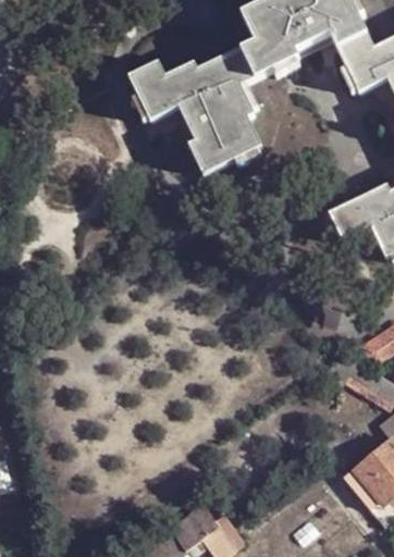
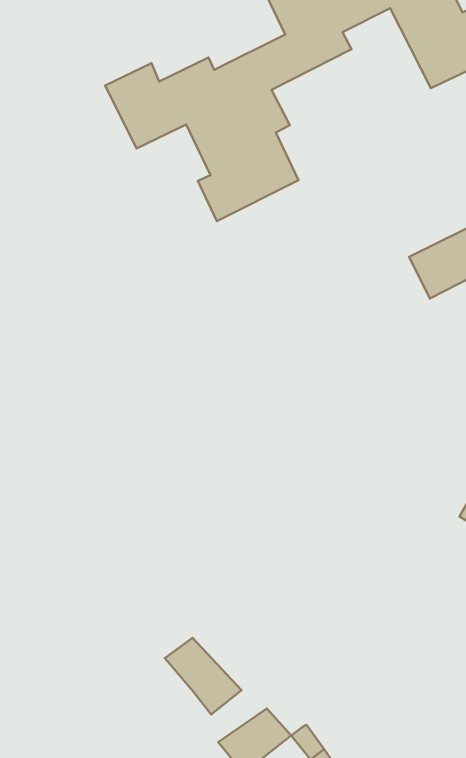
building: none -> [165,638,241,715]

